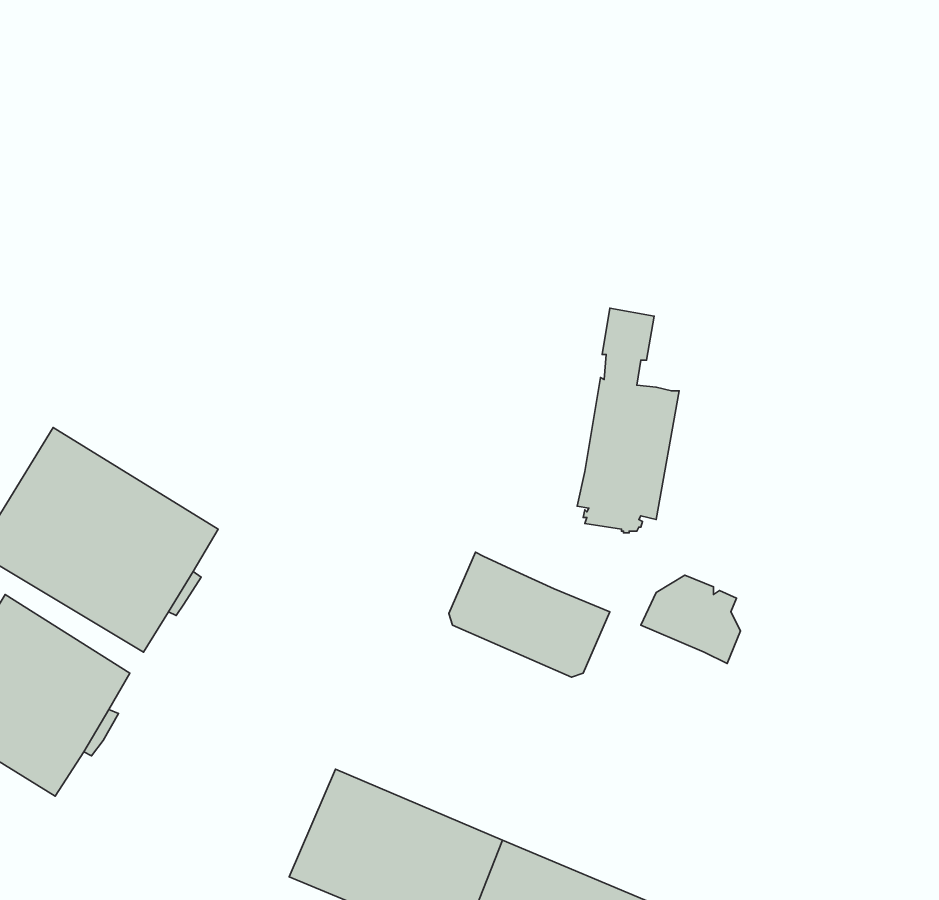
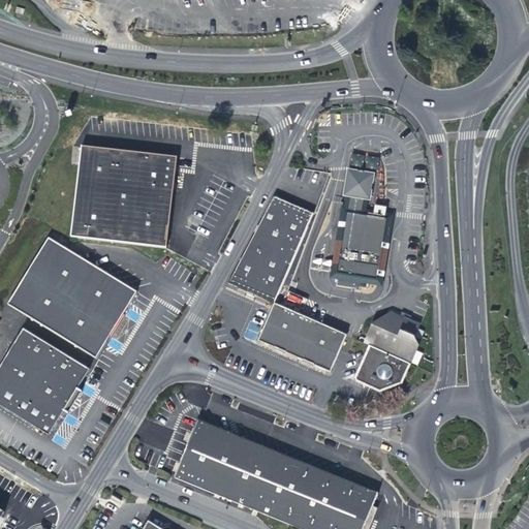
building: none -> [70,143,176,245]
building: none -> [228,194,314,302]
building: none -> [357,344,410,388]

